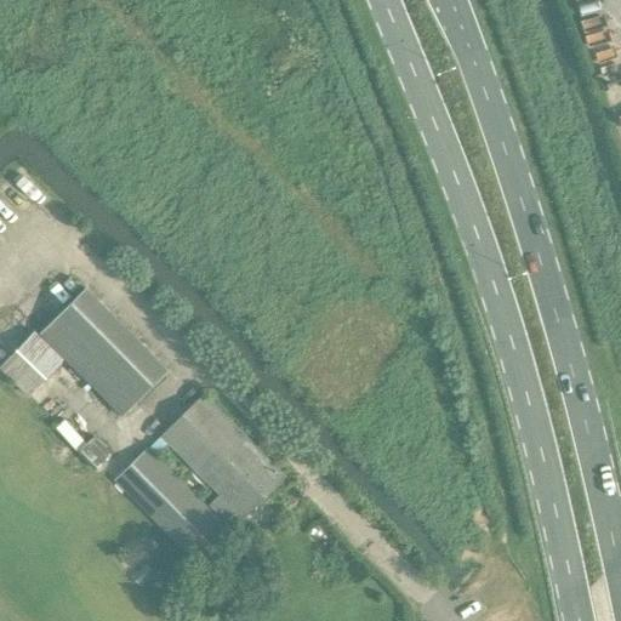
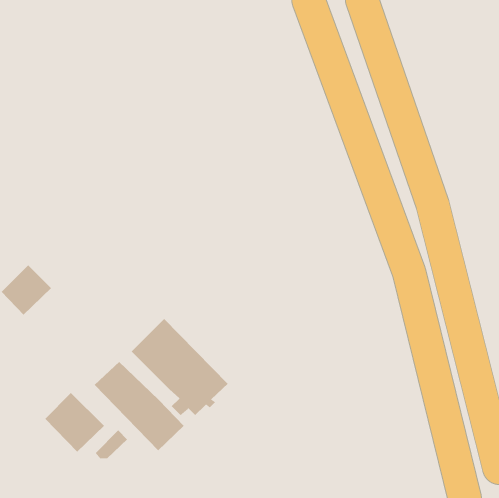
building: [41,287,167,415] -> none
building: none -> [44,392,105,452]

